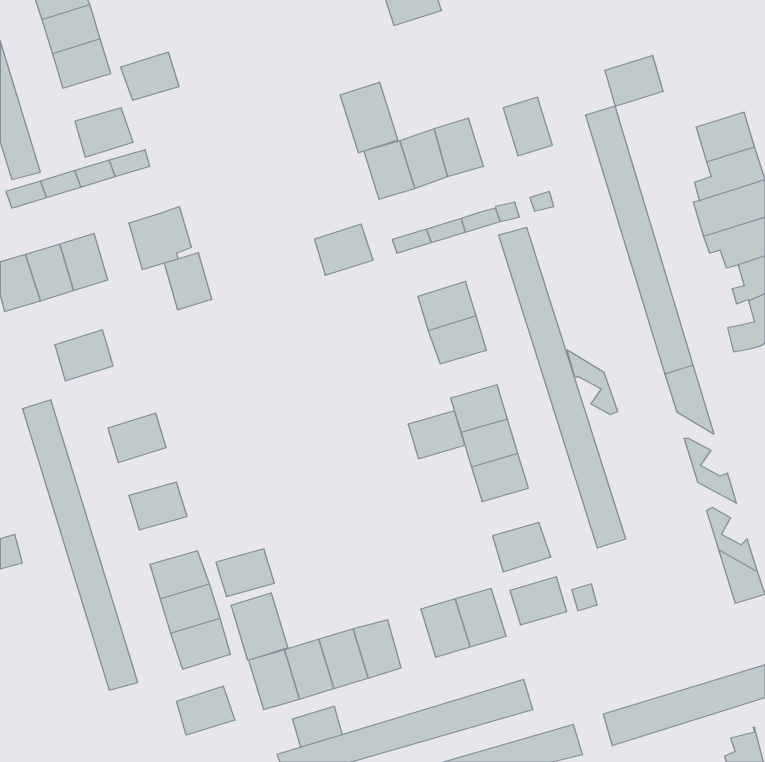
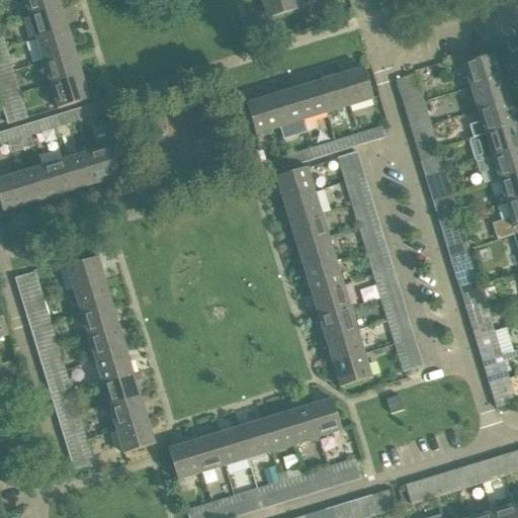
building: [121,52,179,100] -> [42,50,82,82]
building: [605,55,663,106] -> [463,52,503,86]
building: [340,82,398,153] -> none
building: none -> [317,73,350,112]
building: [315,224,373,275] -> [275,166,315,200]
building: [164,253,212,310] -> [64,151,96,189]
building: [55,330,113,381] -> [66,255,105,289]
building: [567,350,618,414] -> [457,278,492,322]
building: [408,411,465,459] -> [297,237,336,269]
building: none -> [80,303,119,335]
building: none -> [471,326,505,368]
building: [216,549,274,597] -> [94,349,134,381]
building: [510,577,567,625] -> [326,330,364,362]
building: [231,593,288,660] -> none
building: none -> [262,412,294,451]
building: [176,686,235,735] -> none
building: [292,706,342,747] -> none

